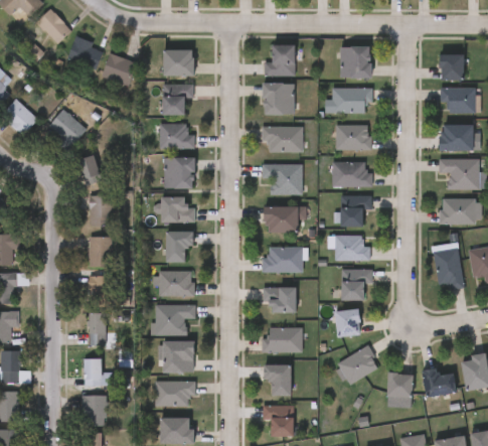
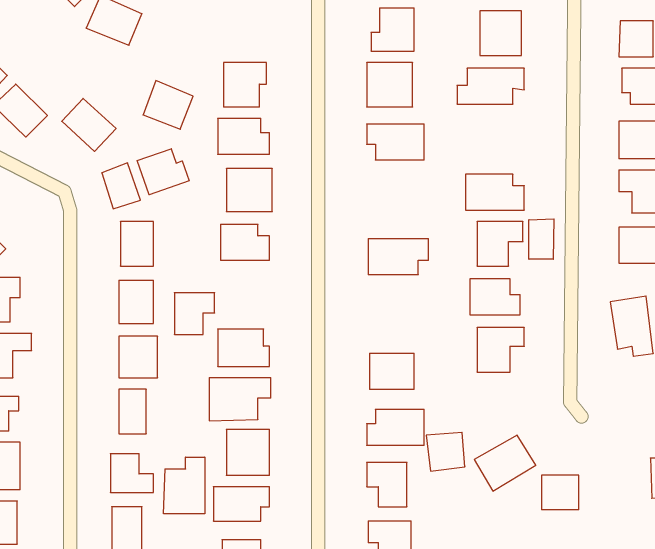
building: [164,50,195,76] -> none
building: [102,52,137,87] -> [143,81,193,129]
building: [337,125,372,150] -> none
building: none -> [137,149,189,195]
building: [263,164,303,195] -> none
building: none -> [529,219,554,259]
building: [165,233,193,262] -> [174,293,215,334]
building: [263,247,303,272] -> none
building: [334,310,361,337] -> [426,432,465,471]
building: none -> [164,457,205,514]
building: [422,368,455,396] -> none

